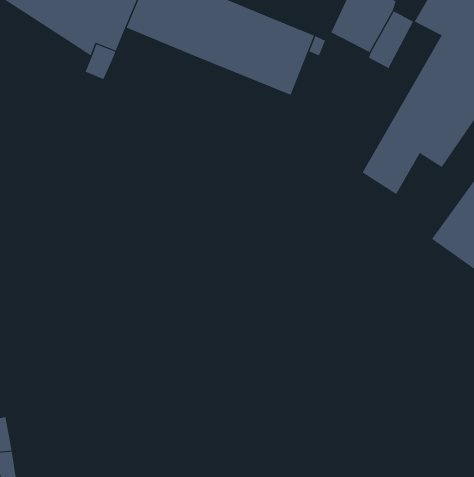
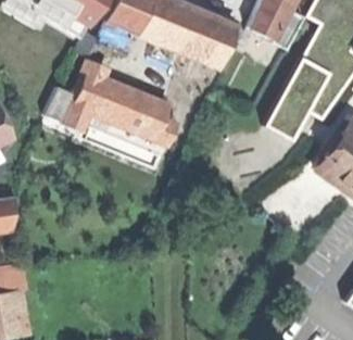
building: none -> [42,58,178,166]

